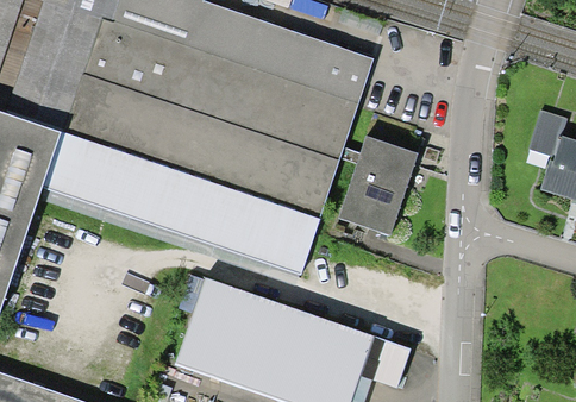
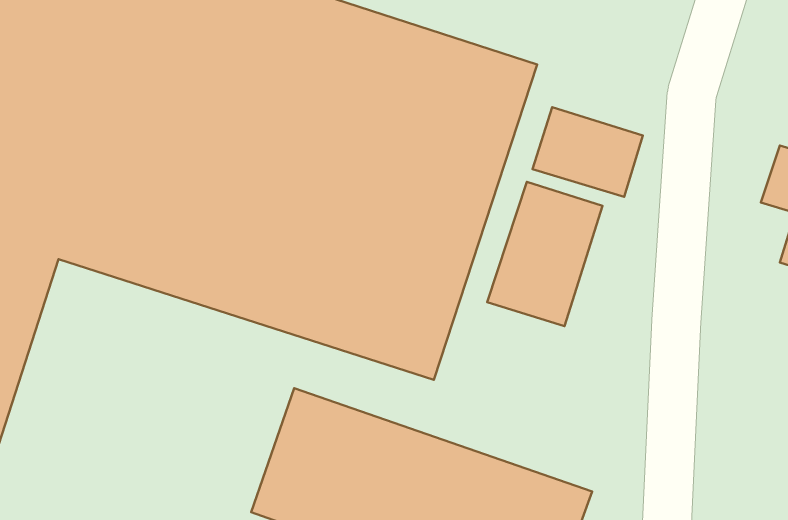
building: none -> [532,107,643,197]

